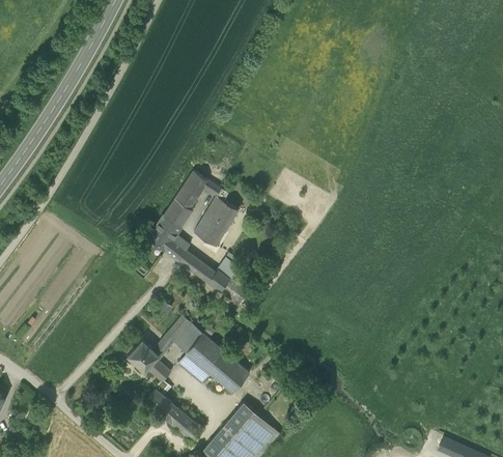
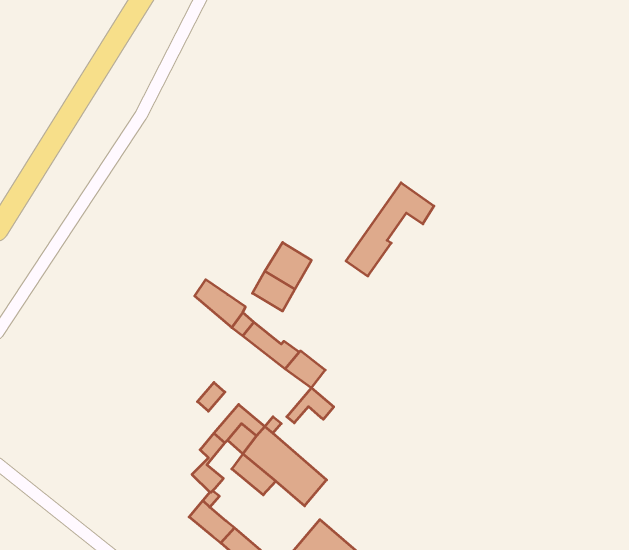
building: [158,163,224,233] -> [346,183,434,276]
building: none -> [287,388,334,423]
building: [128,341,160,372] -> none

